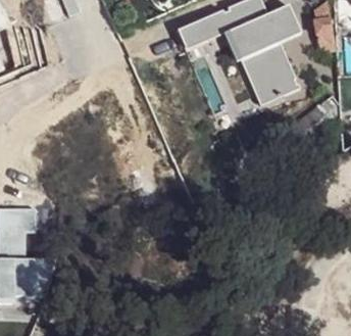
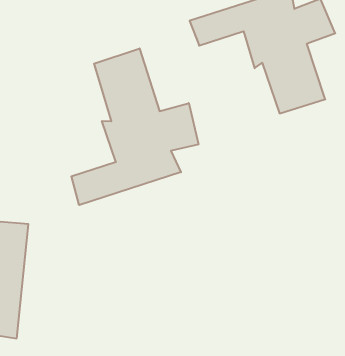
building: none -> [71,48,198,205]

